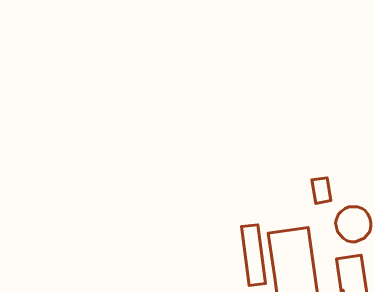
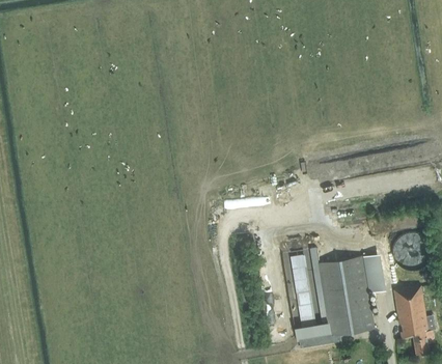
building: [312,178,331,203] -> [364,252,385,280]

